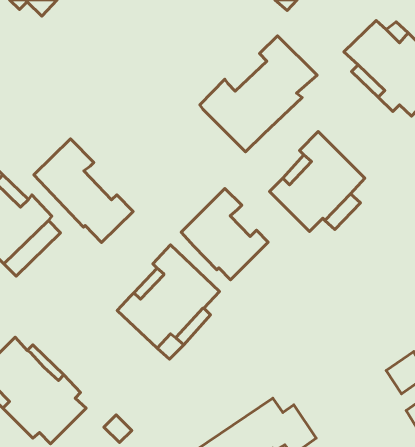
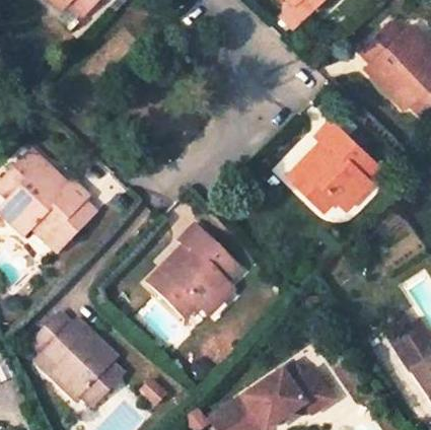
building: [200,36,317,152] -> none
building: [34,139,133,242] -> none
building: [181,188,268,280] -> none

